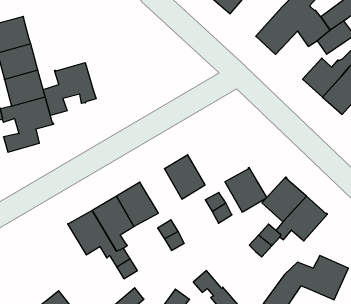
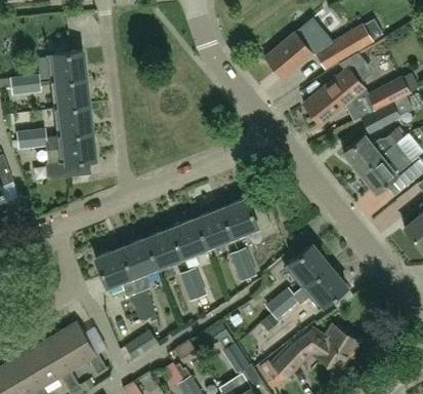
building: [43,63,96,115] -> none
building: [225,168,267,212] -> [220,198,258,240]
building: none -> [170,219,208,261]

